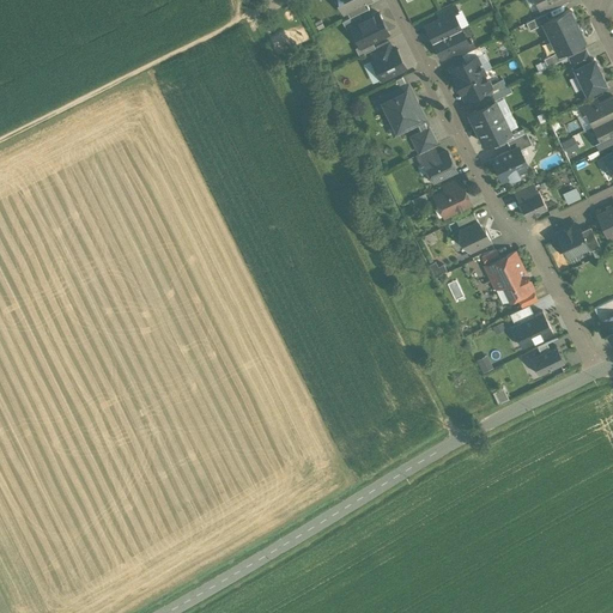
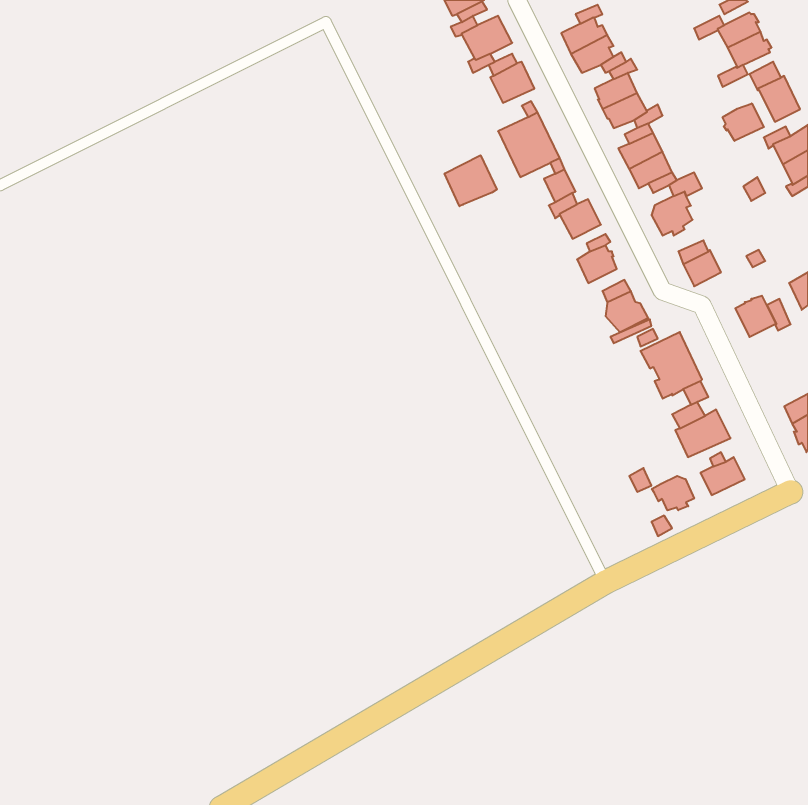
building: none -> [723,103,764,141]
building: none -> [445,155,497,206]
building: none -> [652,476,694,510]

